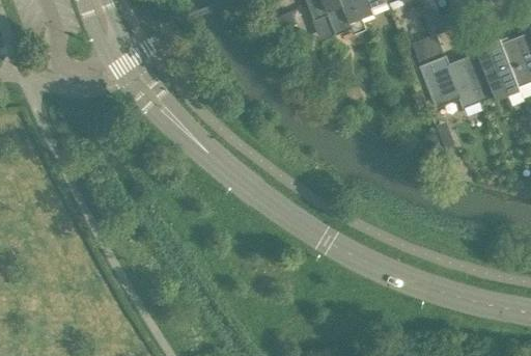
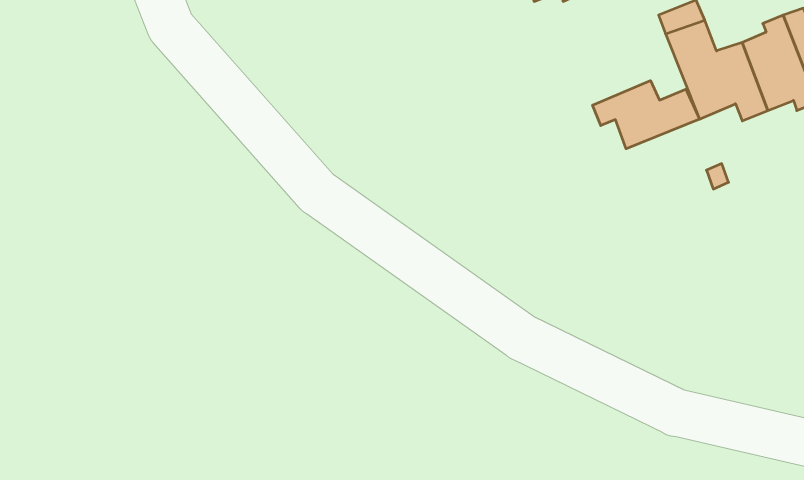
building: none -> [593,81,700,149]

